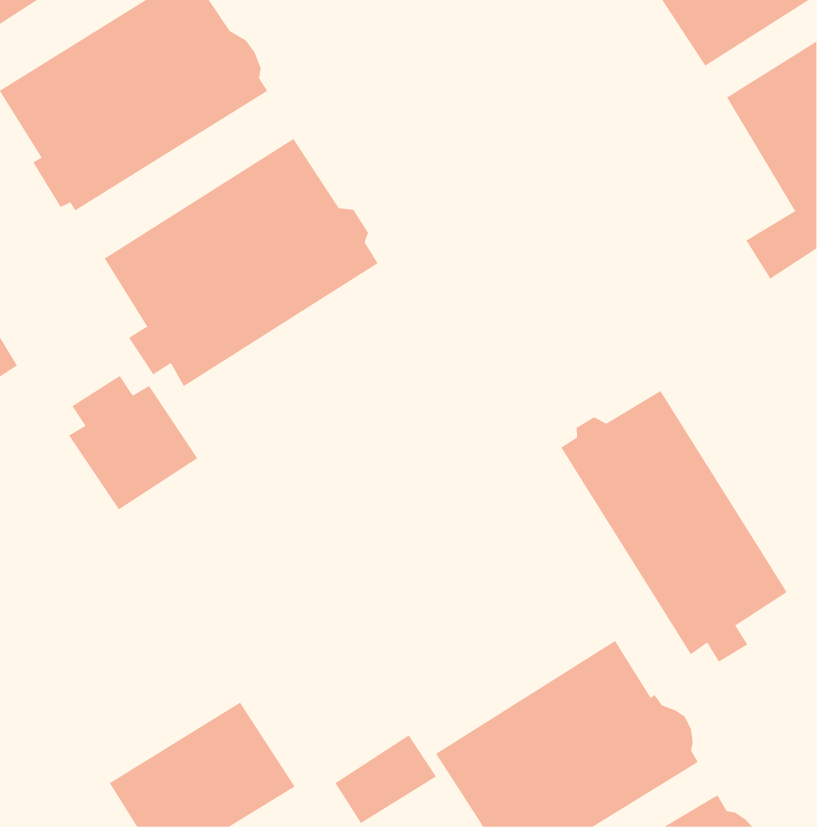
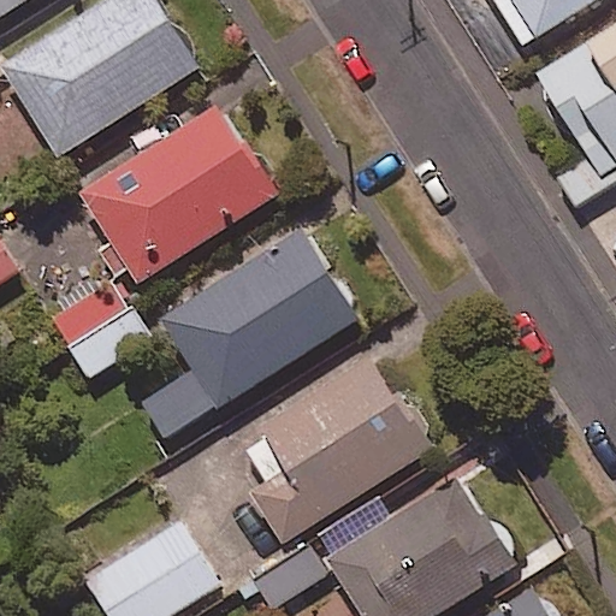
building: none -> [142,230,359,439]
building: [561,390,788,662] -> none
building: none -> [247,356,432,545]

